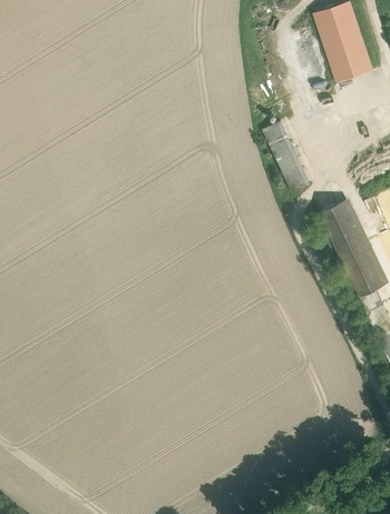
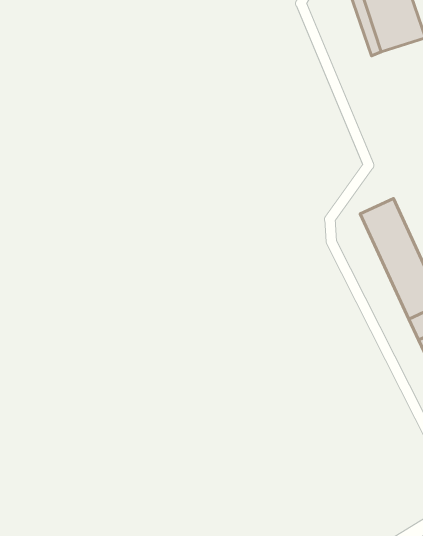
building: [264,120,312,191] -> none

